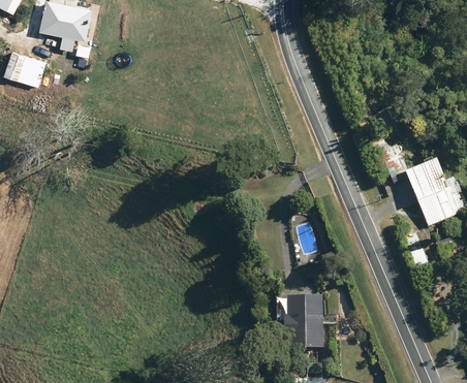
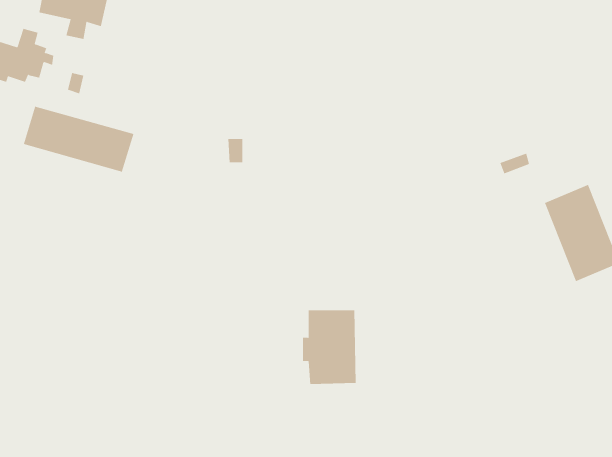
building: none -> [23,106,134,172]
building: [283,294,322,348] -> [302,310,357,384]

